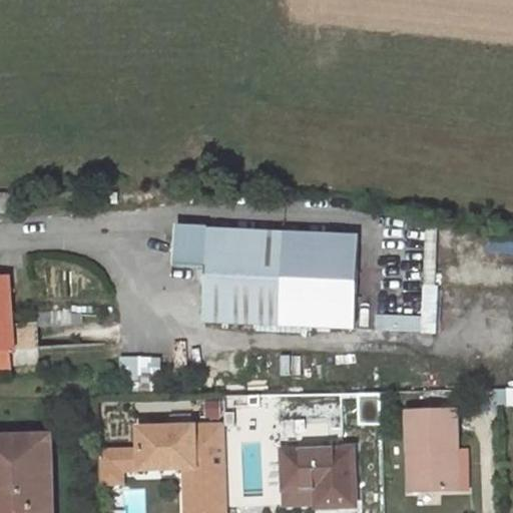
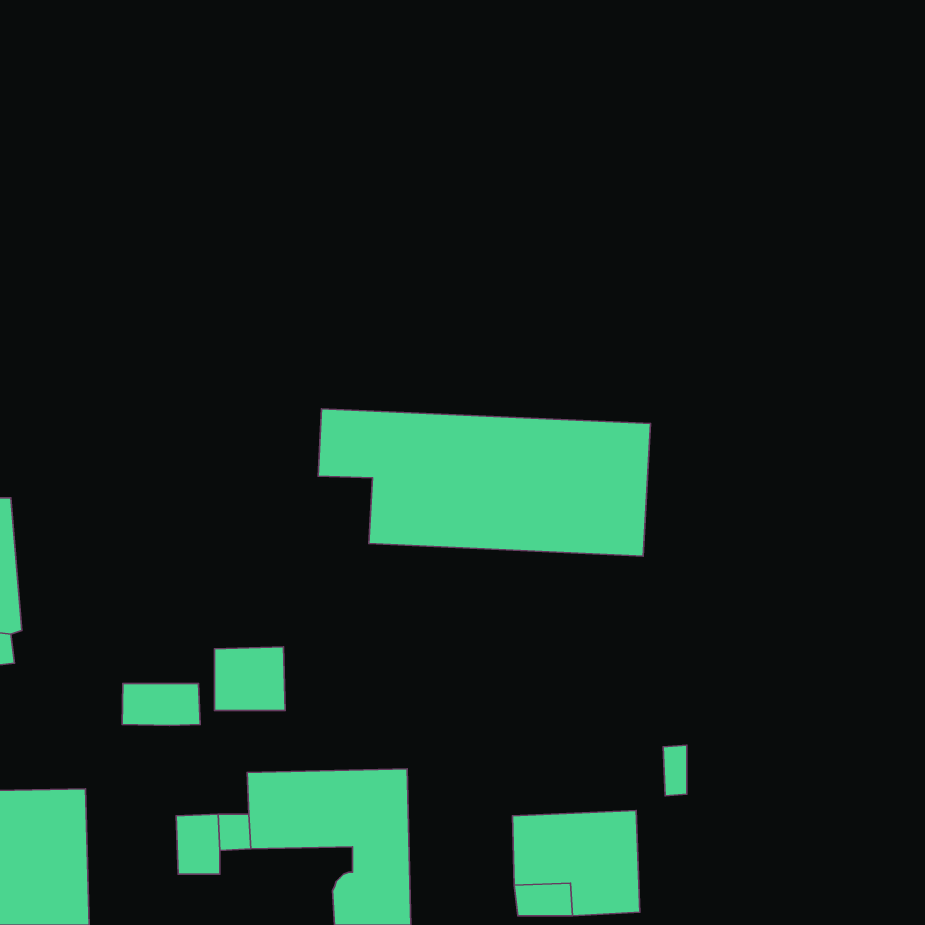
building: [202,300,355,328] -> none
building: none -> [122,683,200,725]
building: [406,410,458,489] -> none

